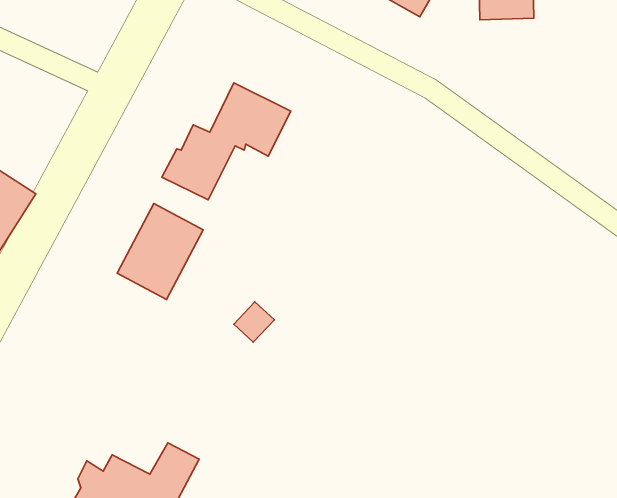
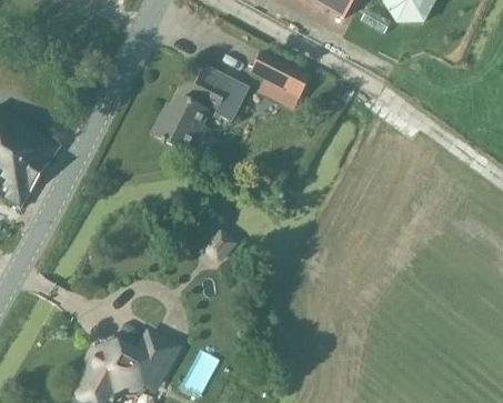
building: none -> [250,50,308,95]
building: [117,204,203,299] -> none

